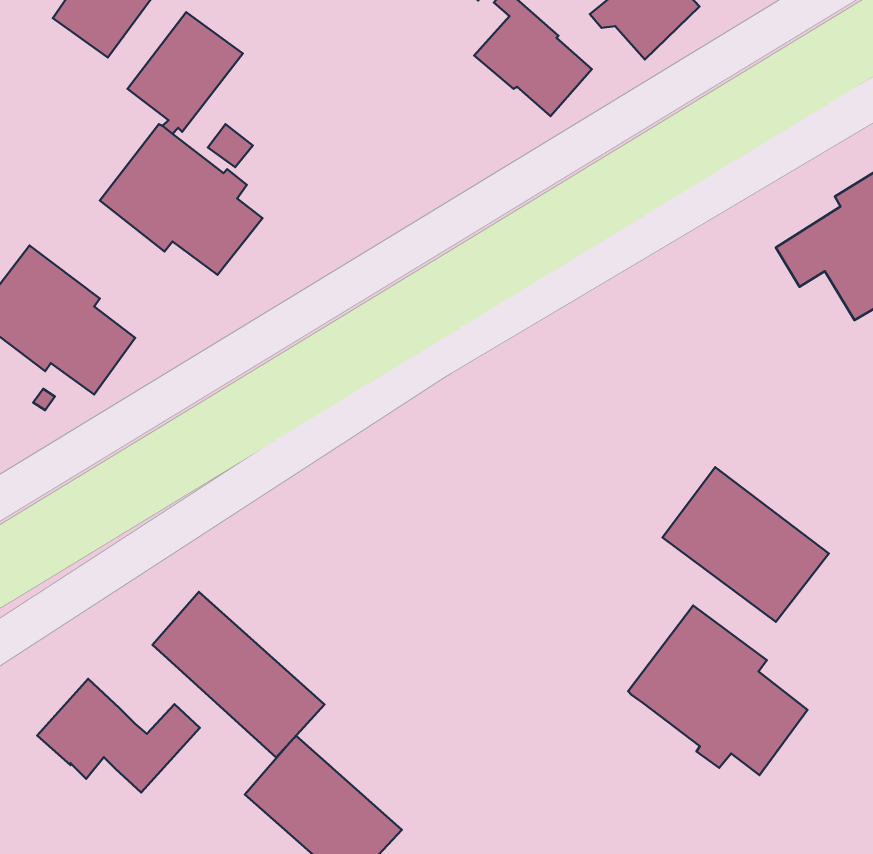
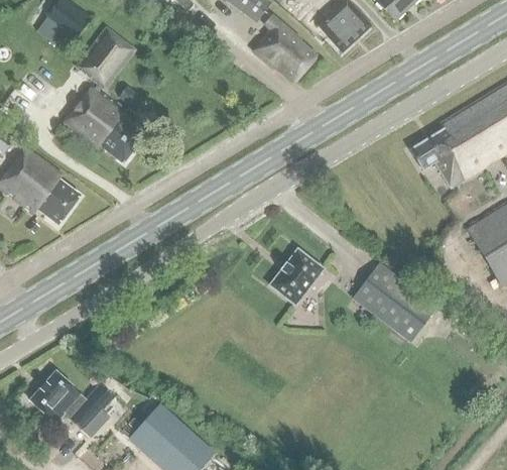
building: none -> [270,249,324,305]
building: [153,592,324,757] -> none
building: [628,606,807,775] -> none

